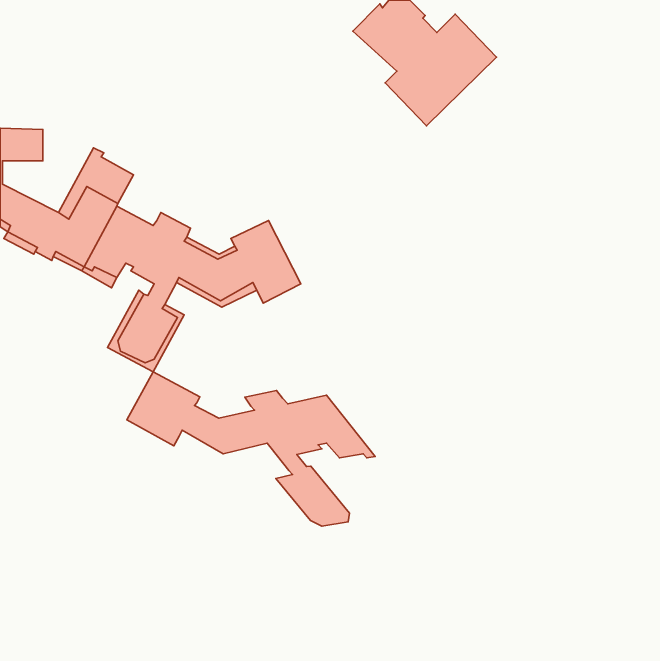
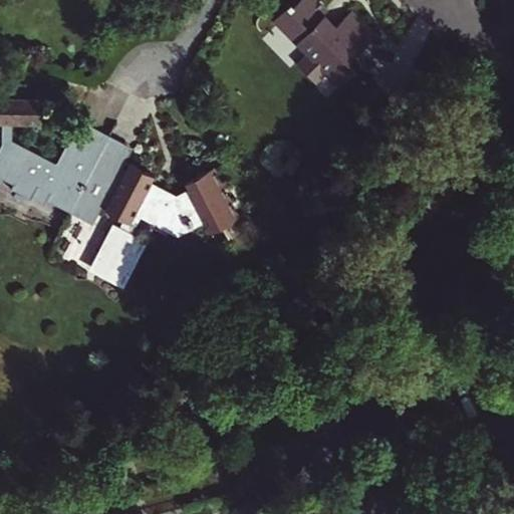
building: none -> [92,137,131,176]
building: [127,372,375,526] -> none

